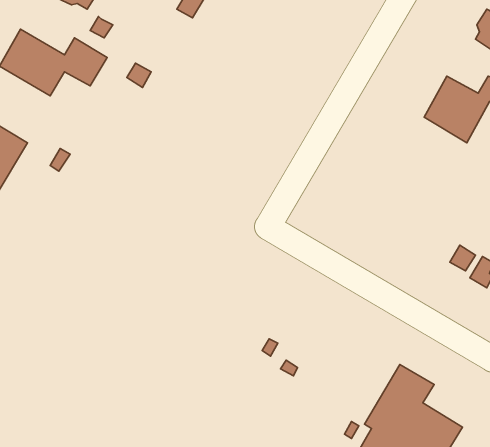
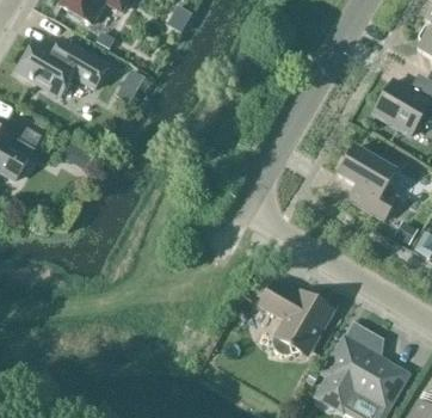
building: none -> [338,146,396,219]
building: none -> [259,279,333,352]

